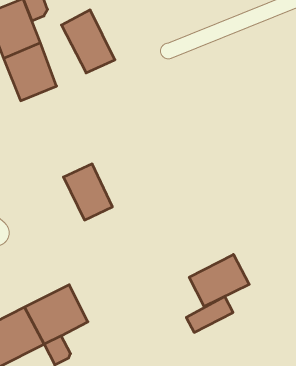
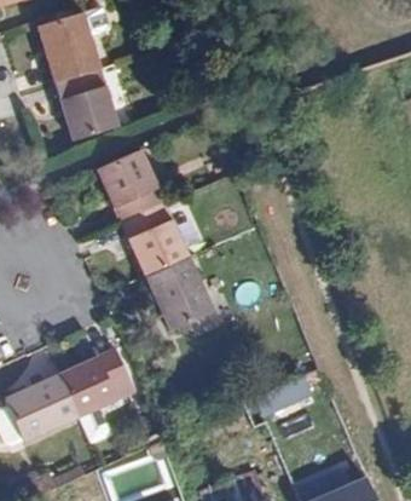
building: [61,10,115,73] -> [92,150,152,224]
building: none -> [139,263,197,333]
building: [189,254,249,307] -> none

